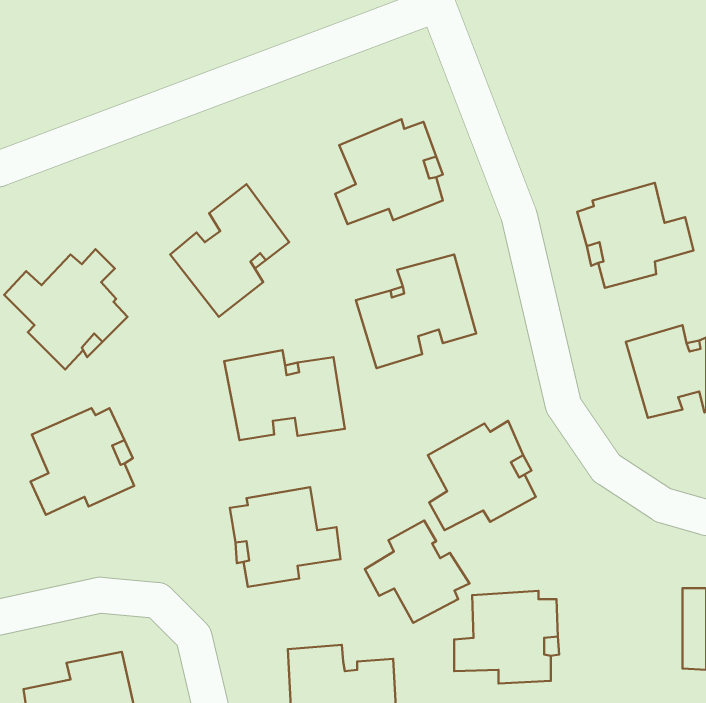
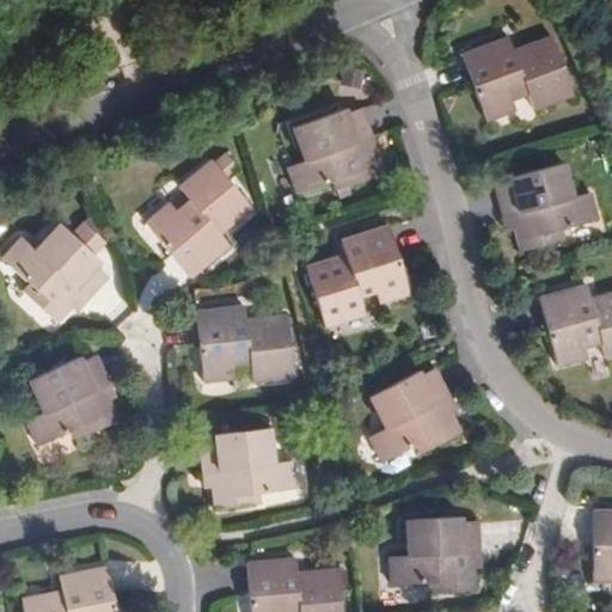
building: none -> [461,32,574,117]
building: [365,521,469,623] -> none

